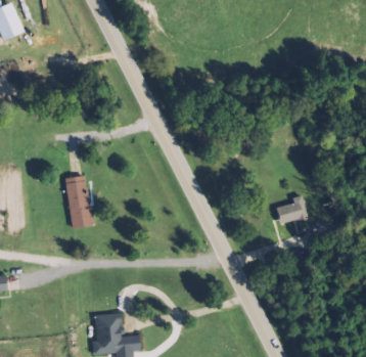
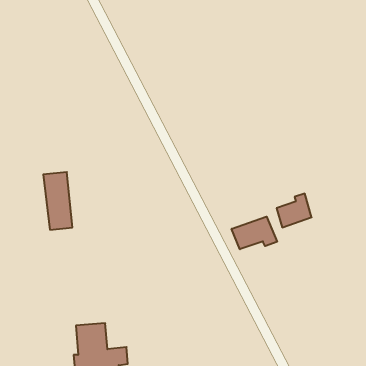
building: none -> [232,217,277,249]

